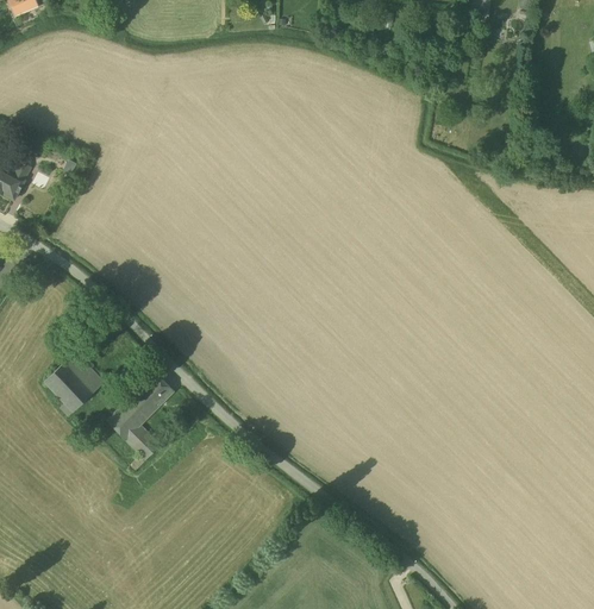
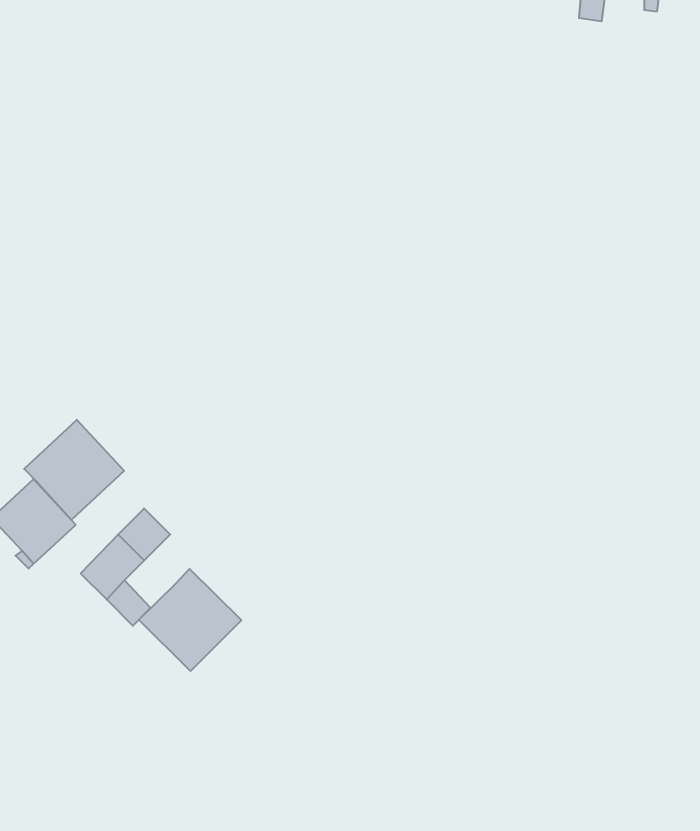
building: none -> [24,420,124,520]
building: none -> [139,569,241,671]

